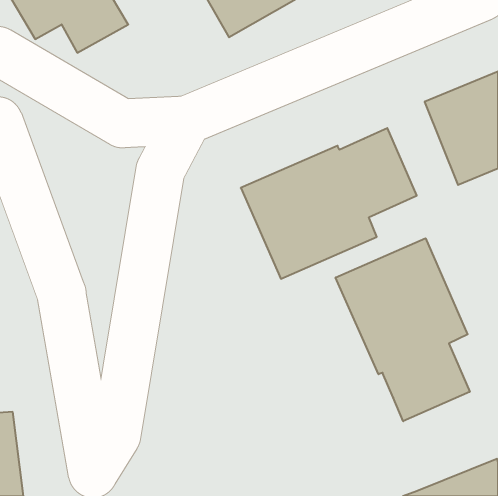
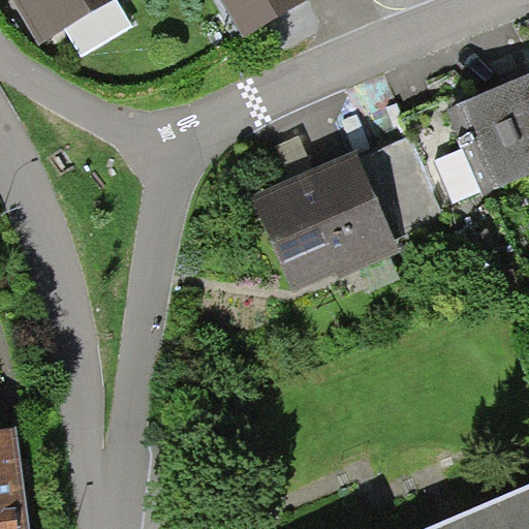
building: [336,238,470,421] -> none

